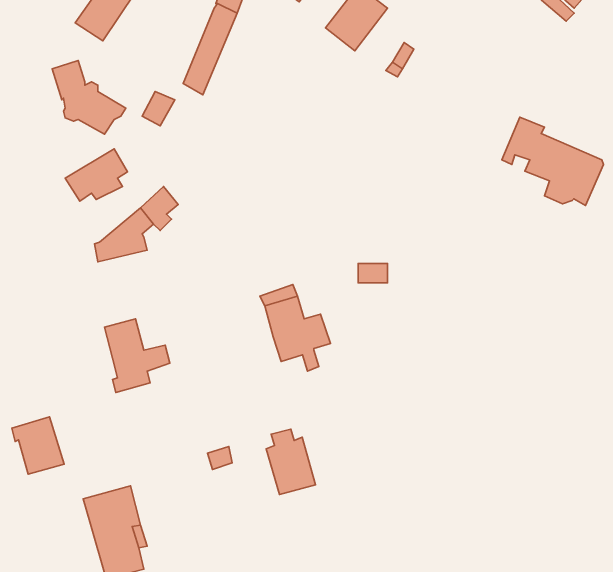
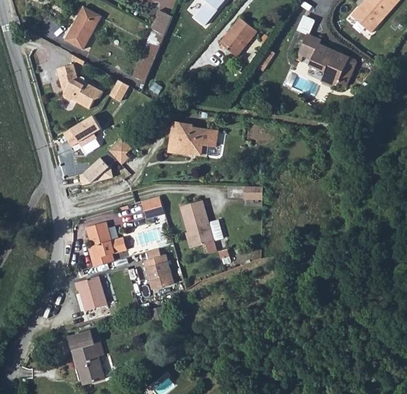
building: [502,117,603,206] -> [297,31,359,85]
building: none -> [162,120,213,155]
building: none -> [138,196,161,220]
building: [12,417,64,474] -> [72,272,104,307]
building: [266,429,315,495] -> [141,247,171,287]

